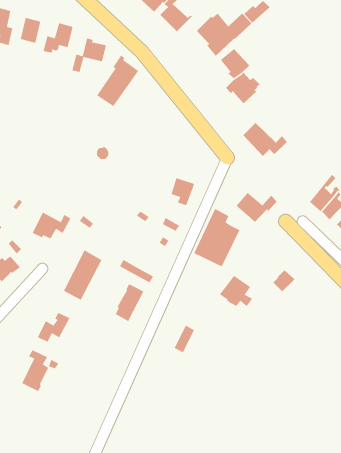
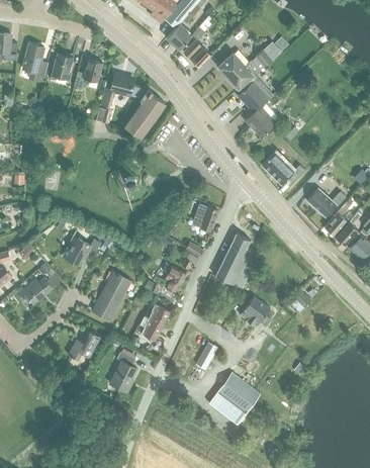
building: [236,192,278,223] -> [305,187,345,216]
building: none -> [161,262,185,291]
building: [21,349,49,392] -> [110,351,136,391]
building: none -> [208,372,259,424]

